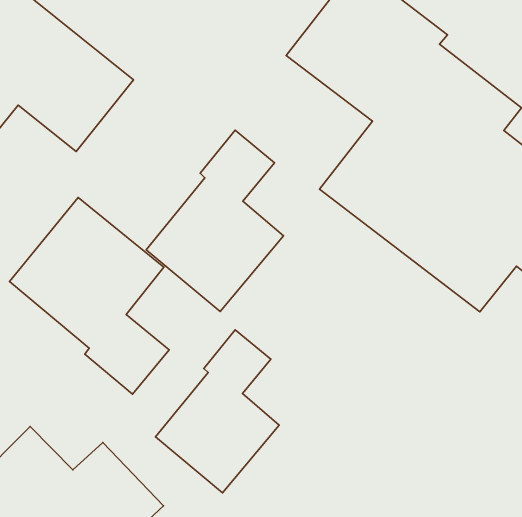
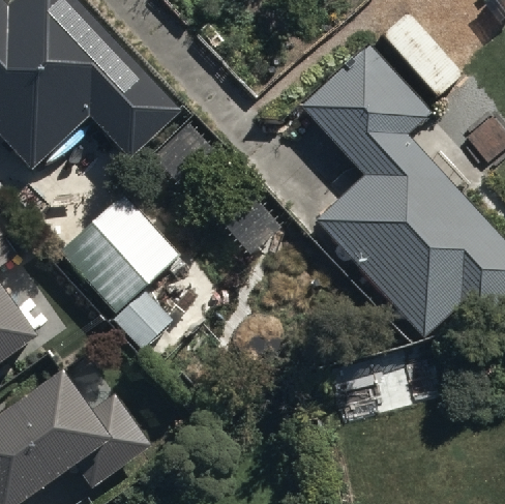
building: [146,130,284,312] -> none
building: [156,330,279,493] -> none

